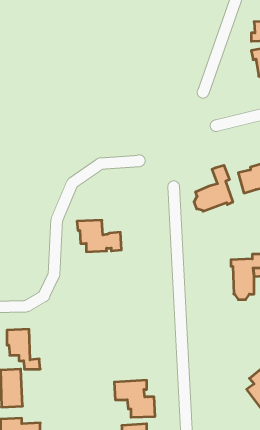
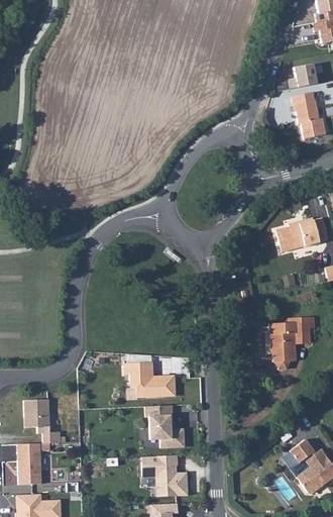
building: [194,165,233,211] -> none
building: [77,220,121,252] -> [126,363,175,397]
building: none -> [145,405,184,448]

